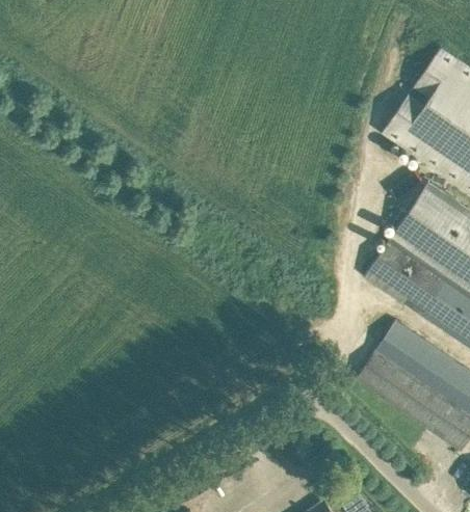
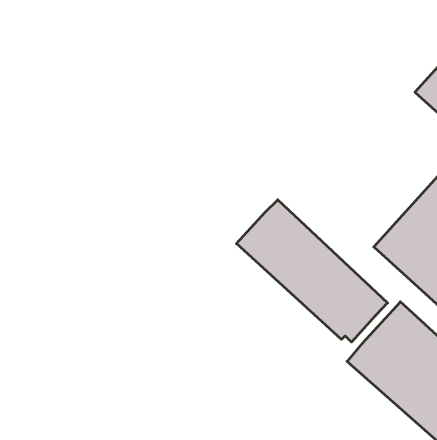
building: none -> [236,200,388,342]

